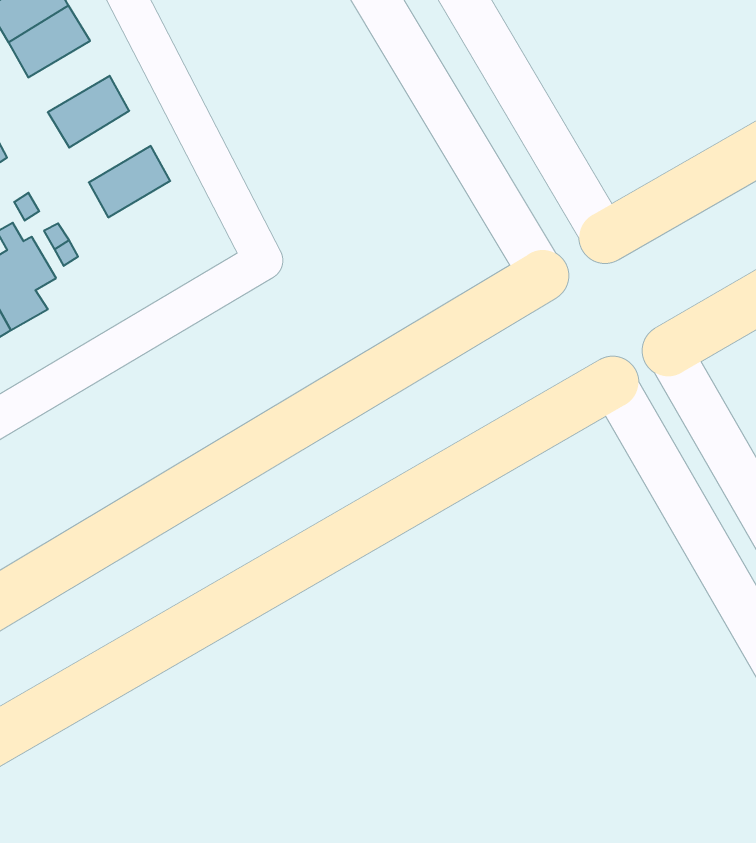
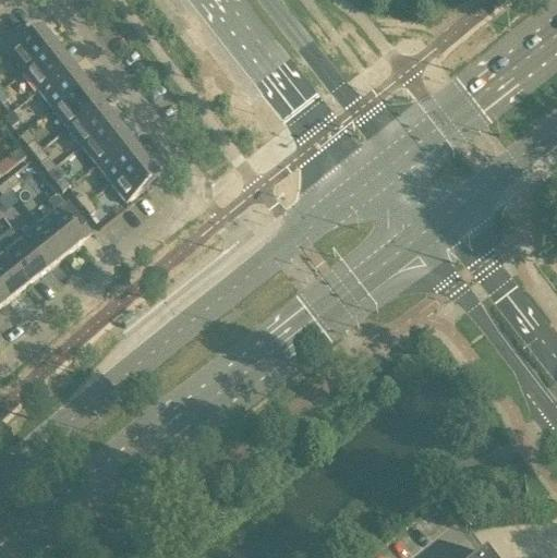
building: none -> [51,78,98,123]
building: none -> [81,116,128,160]
building: none -> [109,153,157,197]

